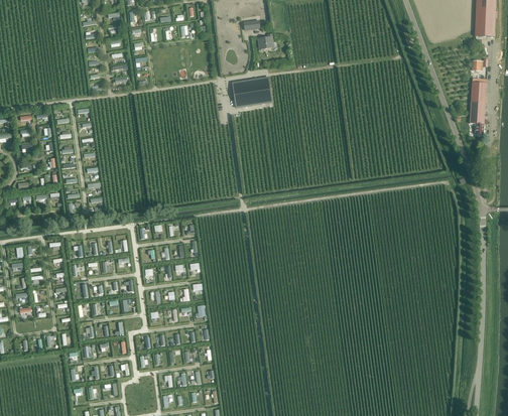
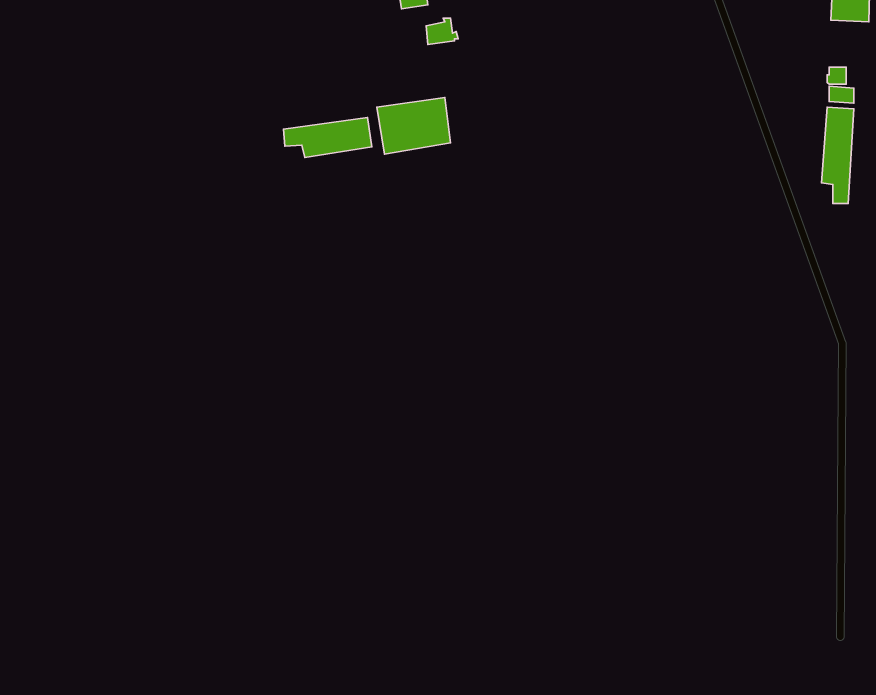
building: none -> [283,117,372,158]

